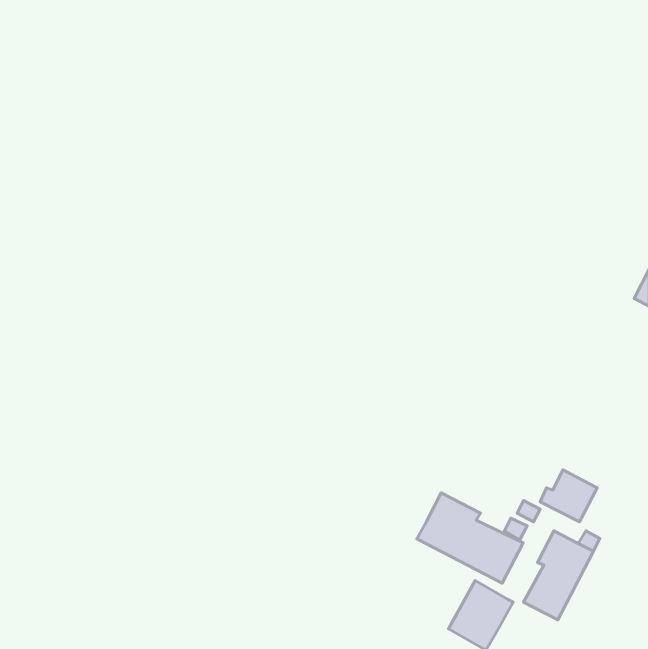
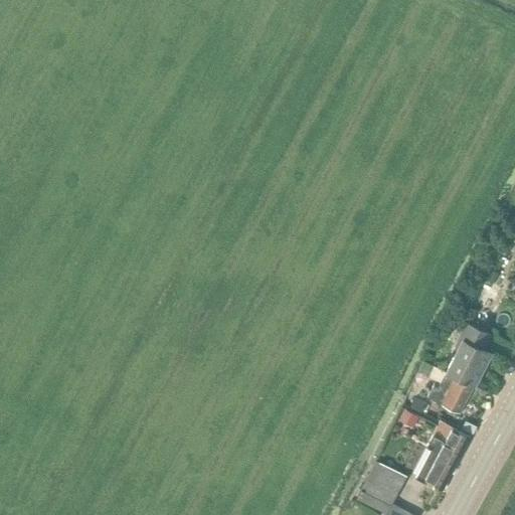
building: none -> [446,322,492,387]
building: [417,493,523,583] -> none

